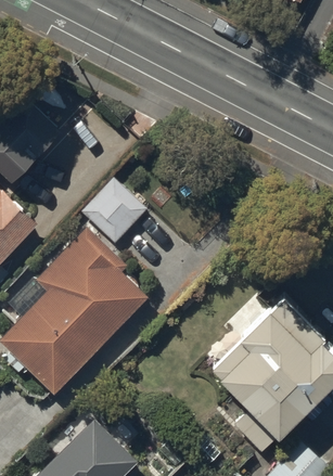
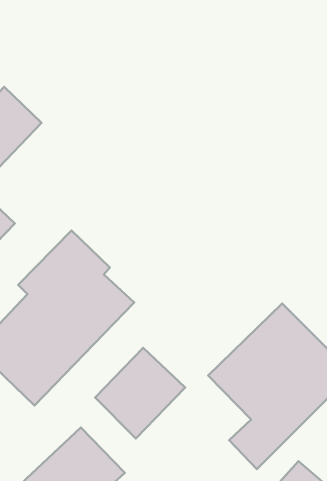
building: [86,182,145,241] -> none
building: none -> [95,348,185,439]

